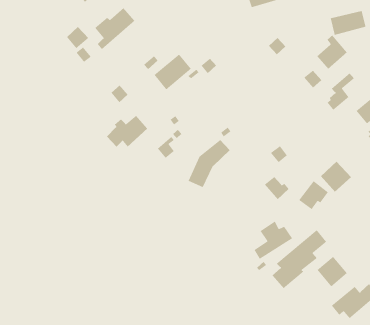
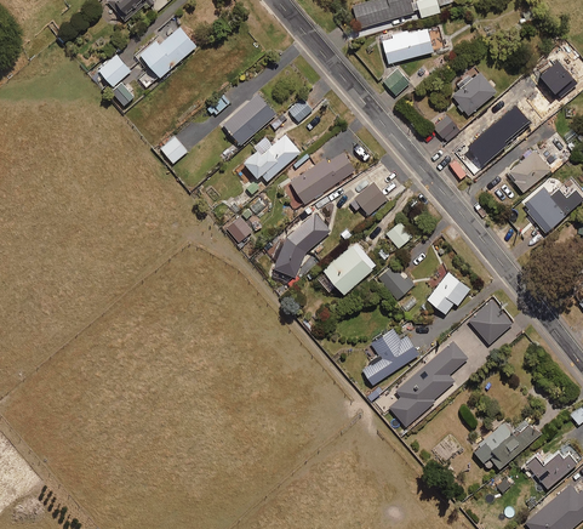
building: [330,10,367,36] -> [382,27,434,63]
building: none -> [288,152,355,205]
building: [106,115,148,147] -> [244,132,303,178]
building: none -> [349,182,388,215]
building: none -> [324,241,377,295]
building: [320,161,352,192] -> [469,298,514,343]
building: [316,256,348,287] -> none

